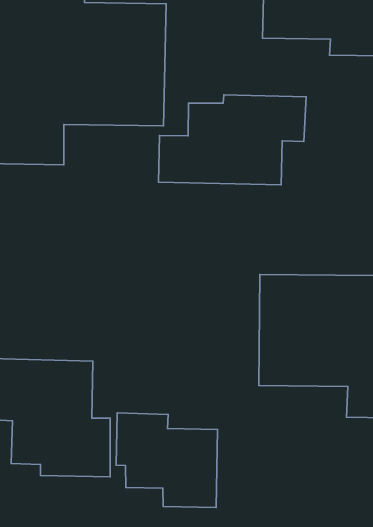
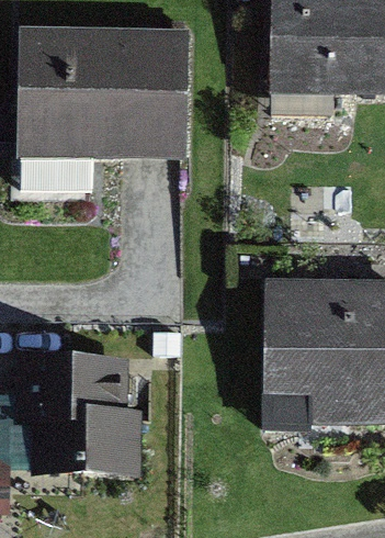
building: [158,95,306,185] -> none
building: [116,413,217,508] -> none

